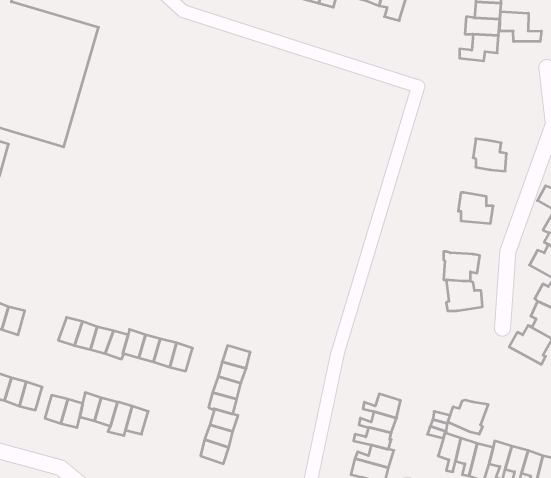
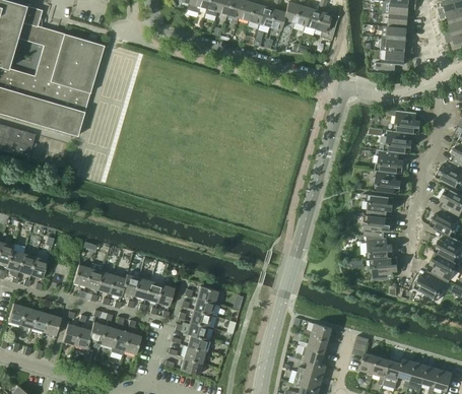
building: [500,12,541,42] -> none
building: none -> [395,111,421,134]
building: none -> [378,150,404,174]
building: none -> [367,195,394,217]
building: none -> [373,257,398,280]
building: [448,400,488,434] -> none

